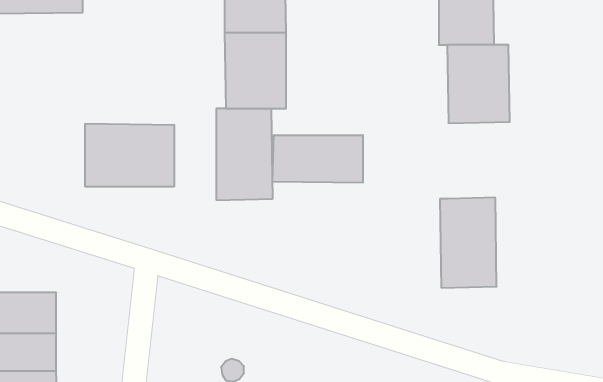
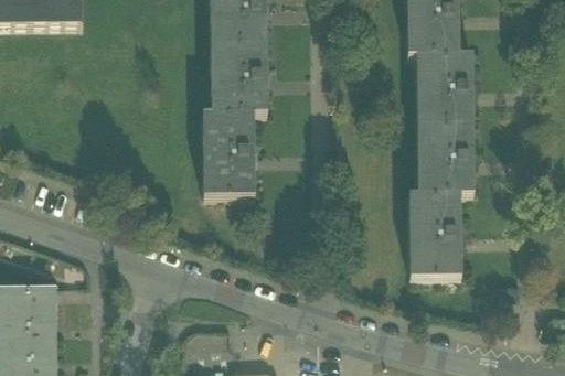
building: none -> [416,129,472,200]
building: [85,124,174,187] -> none
building: [273,135,363,183] -> none

